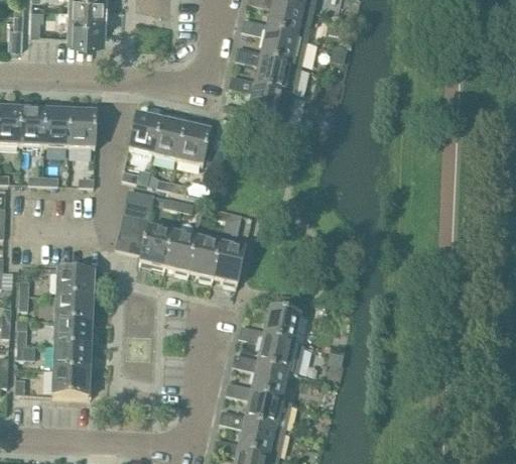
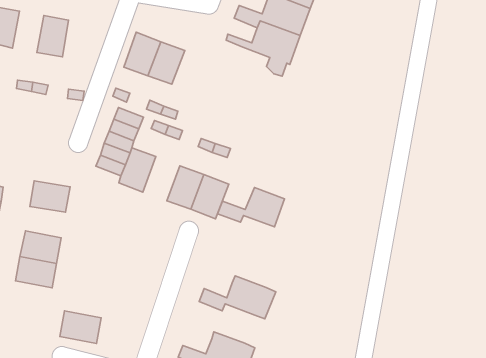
building: [19,107,45,144] -> none
building: [69,109,96,146] -> none
building: [177,123,210,163] -> none
building: [163,229,196,270] -> none
building: [55,294,92,320] -> none
building: [238,306,300,341] -> [217,188,284,227]
building: [225,362,287,397] -> none
building: [51,367,89,394] -> [60,311,101,343]

